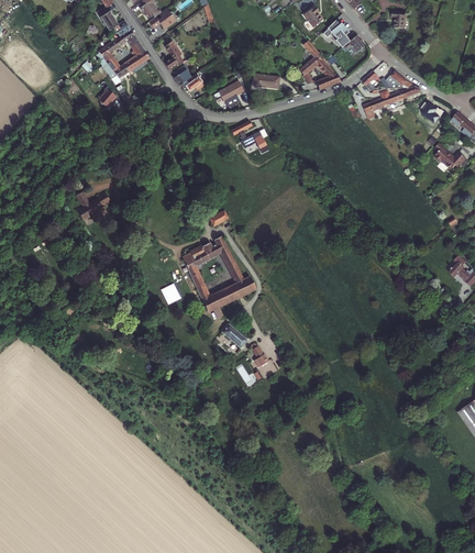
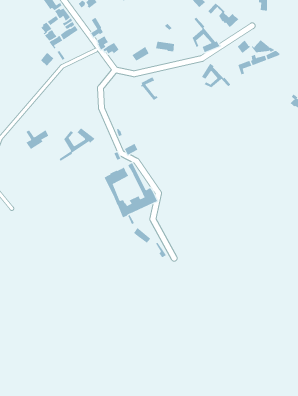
building: none -> [201,63,231,88]
building: none -> [59,127,96,162]

